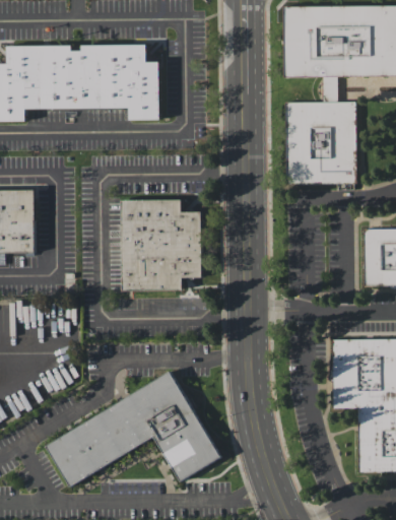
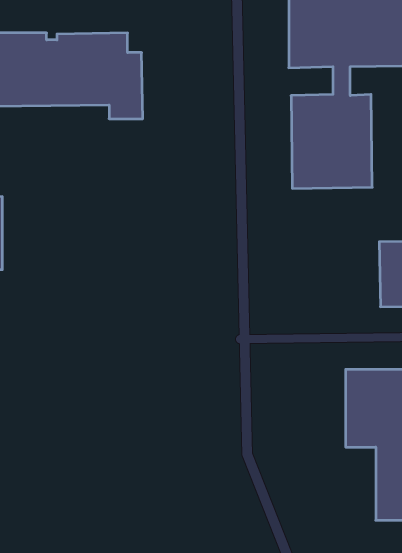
building: [122,199,200,290] -> none
building: [45,370,219,486] -> none

